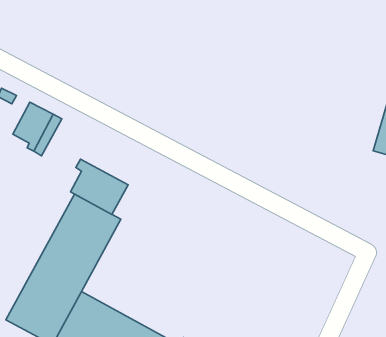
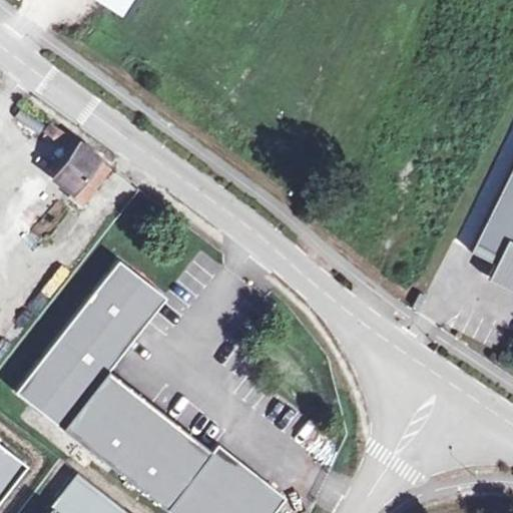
building: [71,159,128,214] -> none

